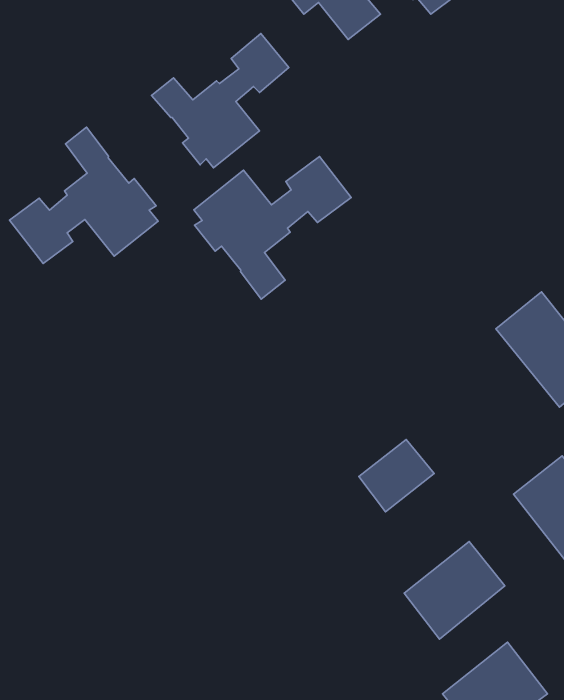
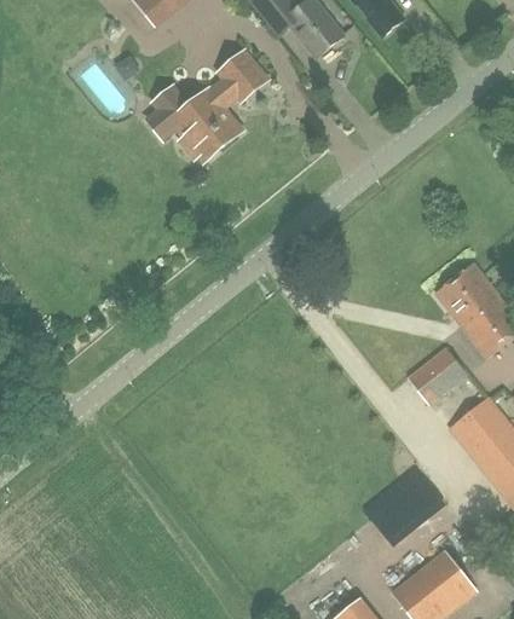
building: [9,127,158,263] -> none
building: [194,157,351,299] -> none
building: [359,439,434,512] -> [405,346,467,405]

